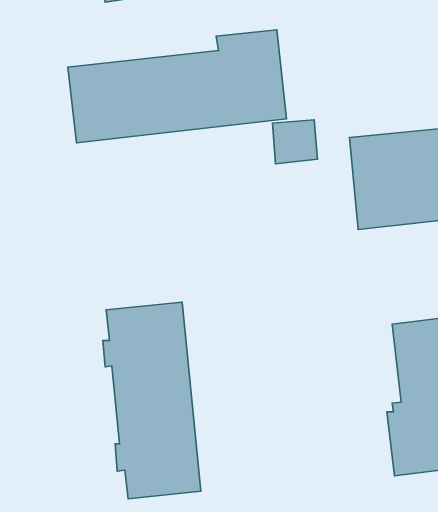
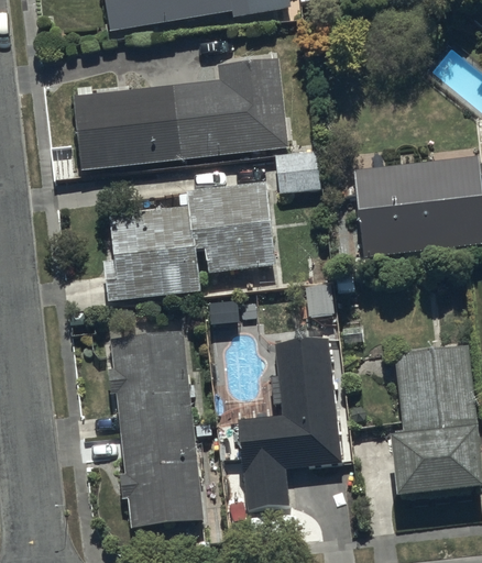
building: none -> [102,181,276,302]
building: none -> [237,332,343,508]

